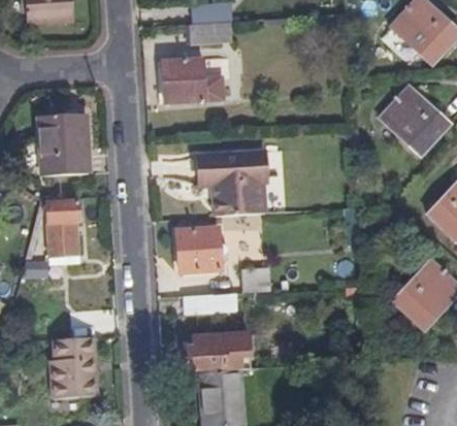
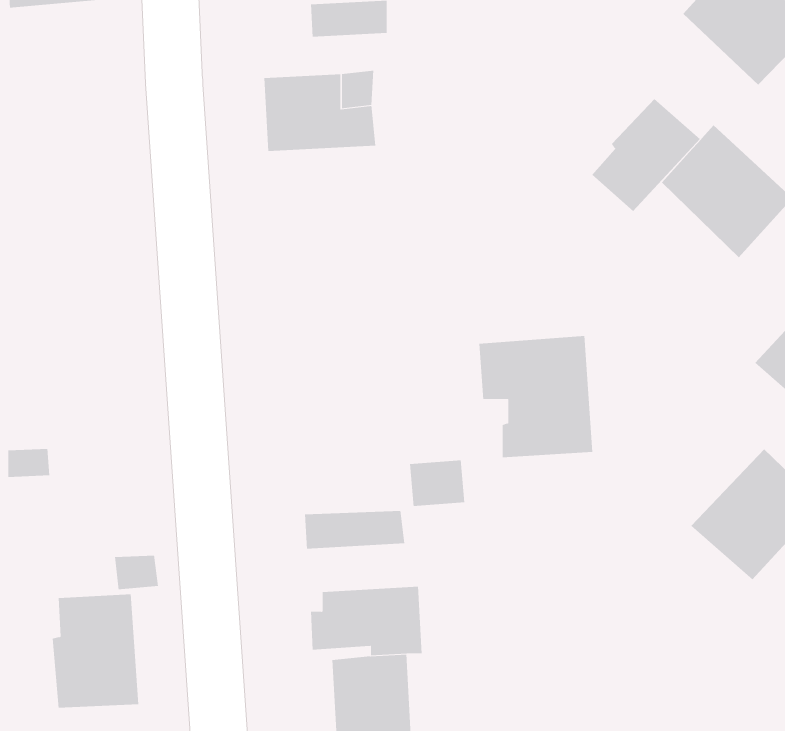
building: none -> [591,98,701,212]
building: [40,114,88,174] -> none
building: [204,150,265,215] -> [479,336,593,458]
building: [50,201,81,255] -> none
building: [178,228,222,272] -> none

